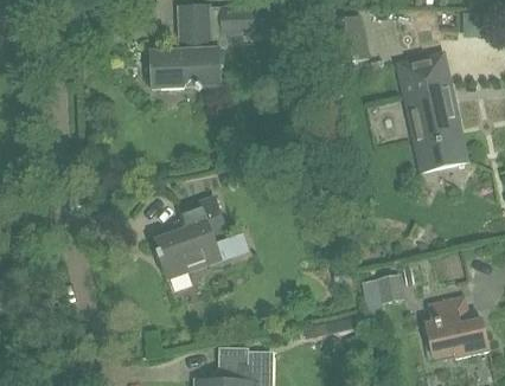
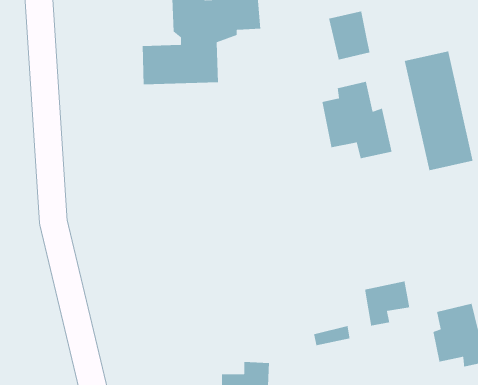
building: none -> [321,81,392,159]
building: [156,195,248,277] -> none

